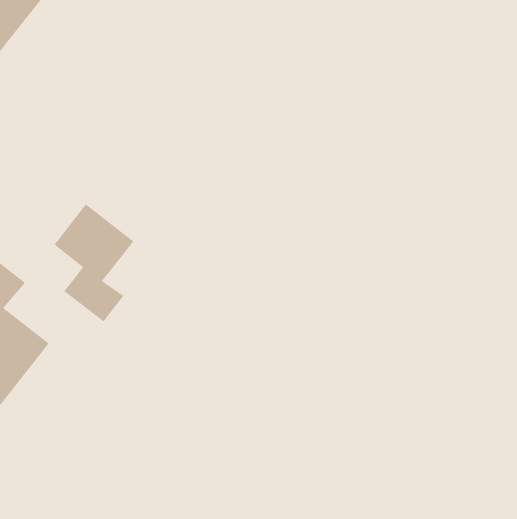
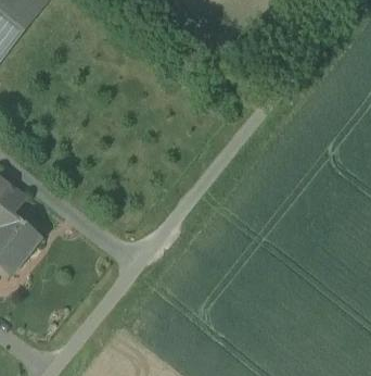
building: [54,203,134,322] -> none

